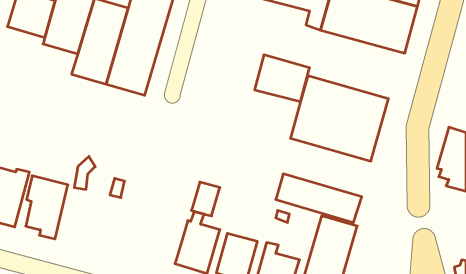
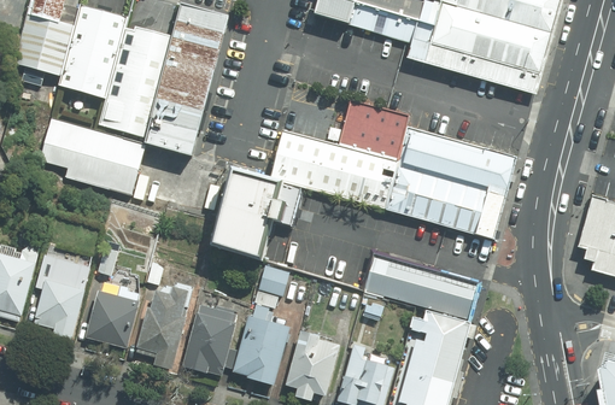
building: none -> [42,123,146,192]
building: none -> [269,128,397,207]
building: none -> [211,171,299,258]
building: none -> [136,286,193,370]
building: none -> [86,288,141,350]
building: none -> [180,304,238,378]

